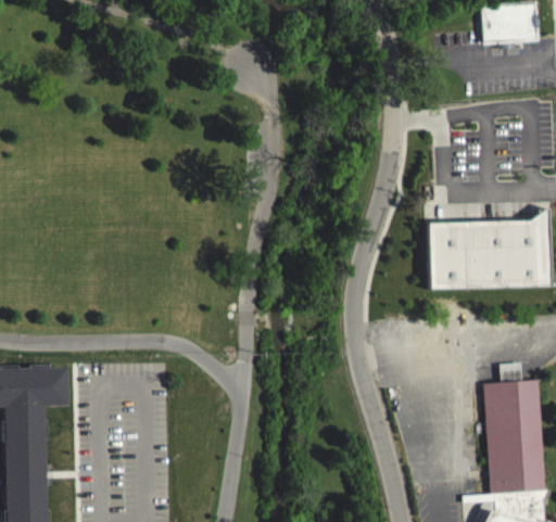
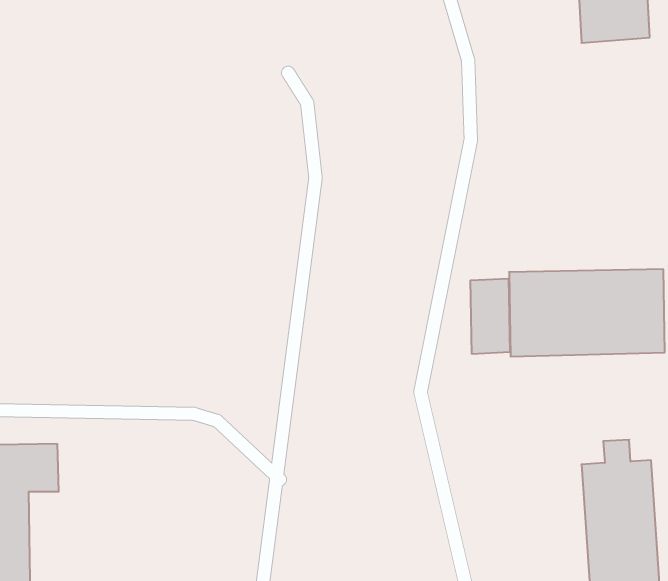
building: none -> [471,278,510,354]

